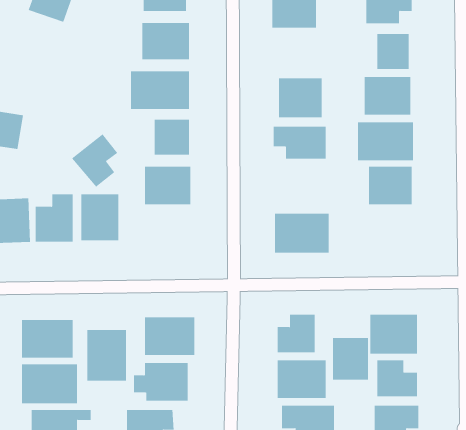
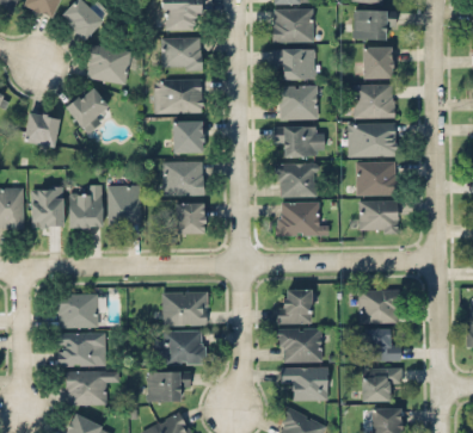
building: none -> [87,45,131,83]
building: none -> [274,49,315,78]
building: [71,134,118,187] -> [66,86,106,132]
building: none -> [276,162,318,197]
building: none -> [358,200,398,229]
building: none -> [176,203,205,233]
building: [87,329,126,382] -> none
building: [333,337,368,381] -> none

